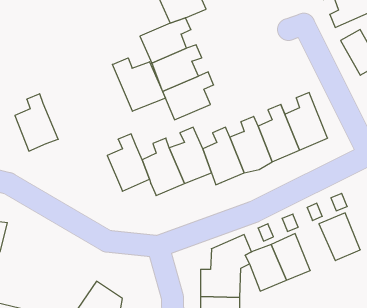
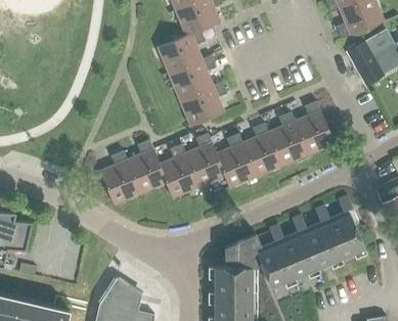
building: [112,58,165,111] -> none
building: [15,94,58,151] -> [99,150,140,204]
building: none -> [303,224,341,268]

